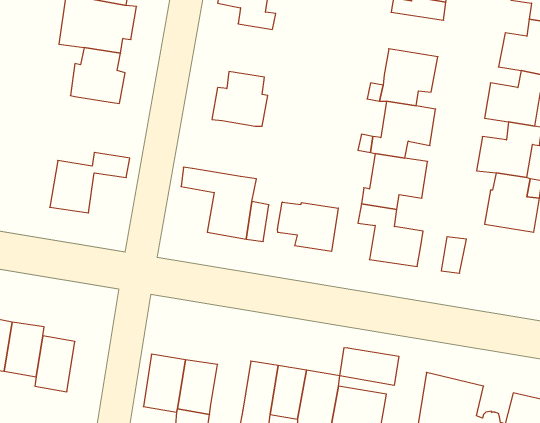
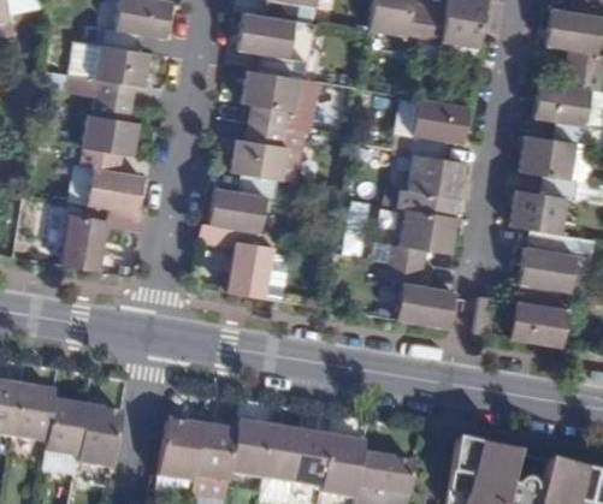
building: none -> [242,67,301,126]
building: none -> [84,147,144,211]
building: none -> [211,172,277,231]
building: [278,202,338,251] -> none
building: none -> [509,301,568,345]
building: none -> [77,405,123,469]
building: [340,348,399,385] -> none
building: none -> [230,420,272,478]

